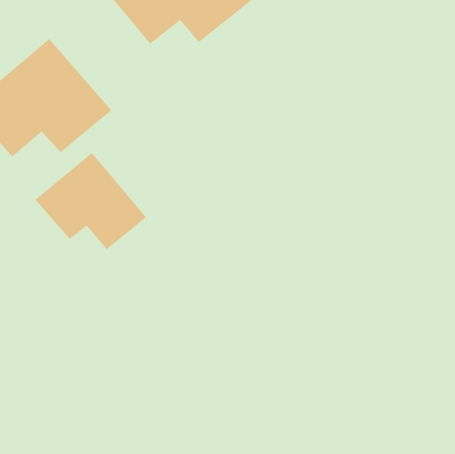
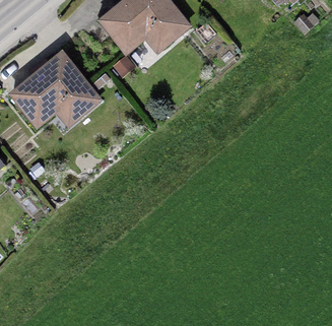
building: [35,152,147,250] -> none

